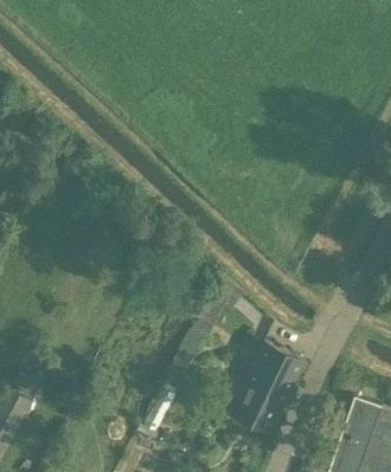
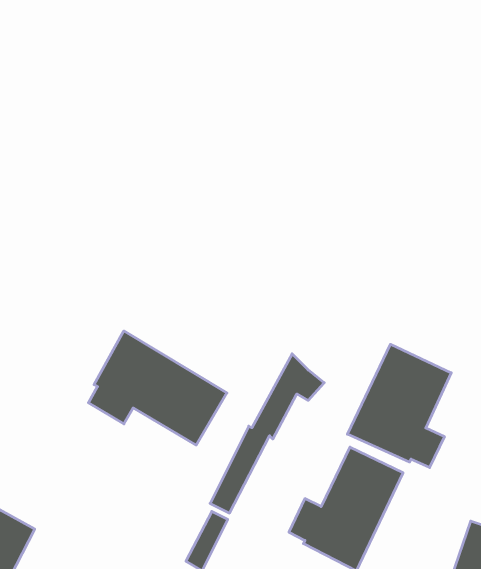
building: none -> [88,331,227,445]
building: none -> [347,344,451,468]

